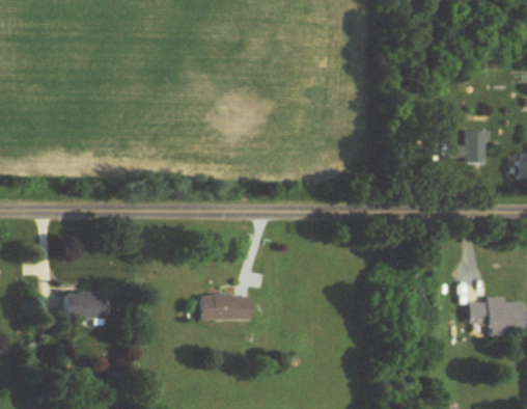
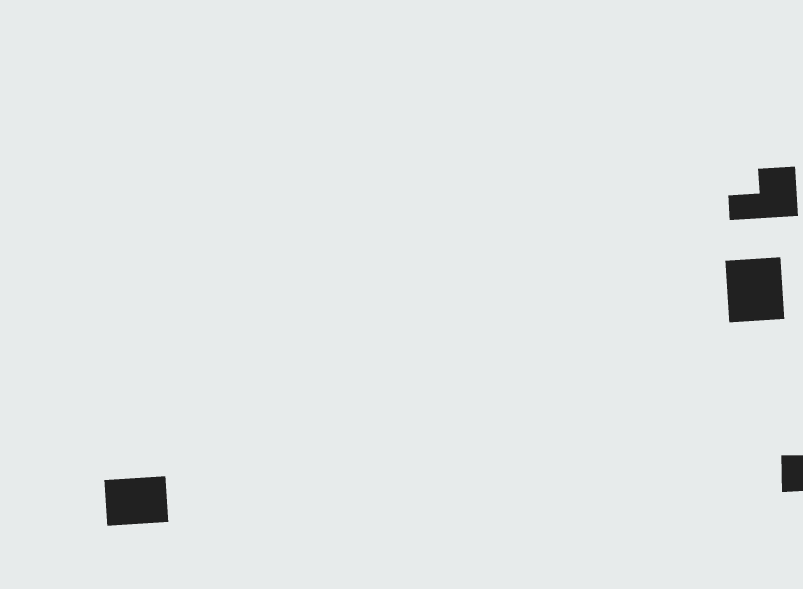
building: none -> [724,257,785,323]
building: [201,295,251,320] -> none

